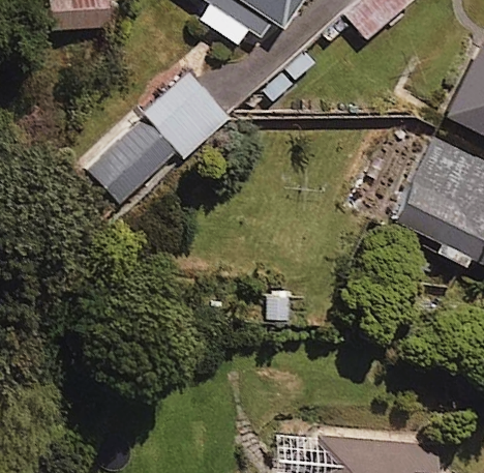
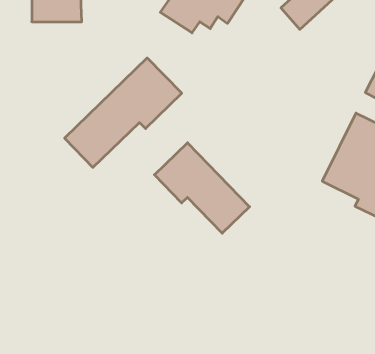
building: none -> [154,143,250,233]

